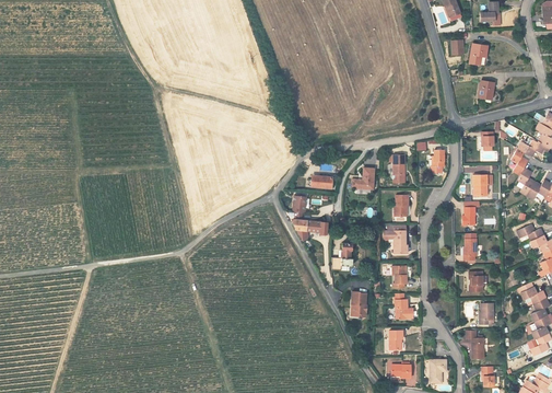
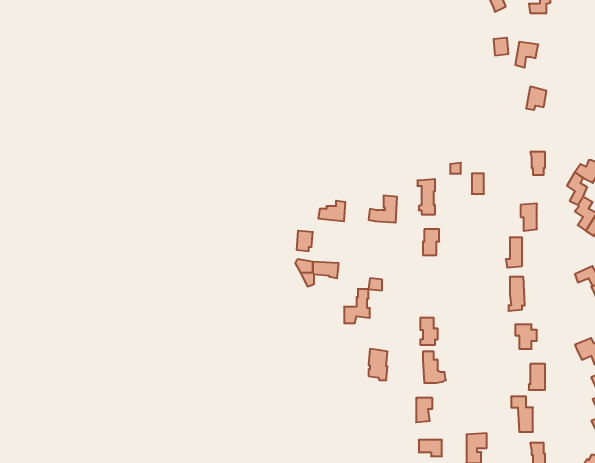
building: [384,224,406,254] -> none

